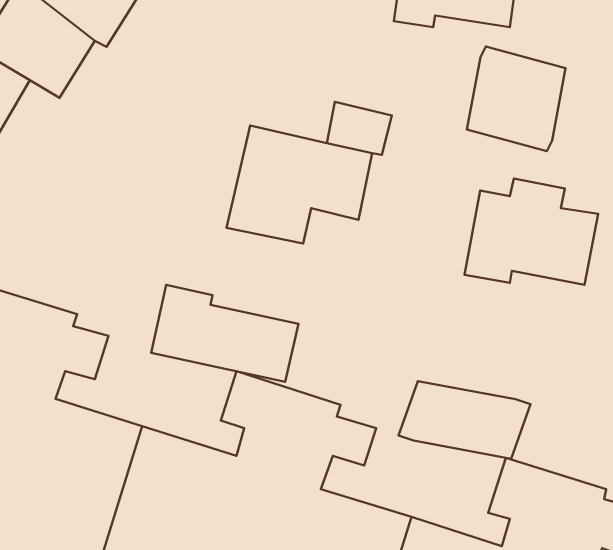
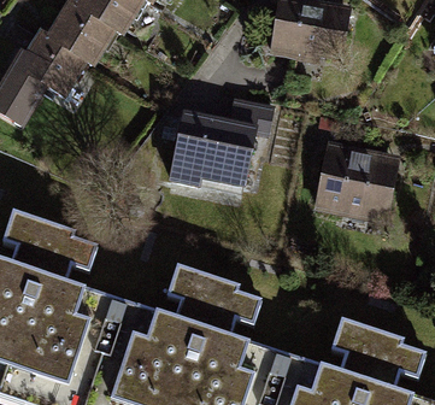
building: [467,47,565,151] -> none
building: [151,285,299,382] -> none
building: [399,381,530,459] -> none

